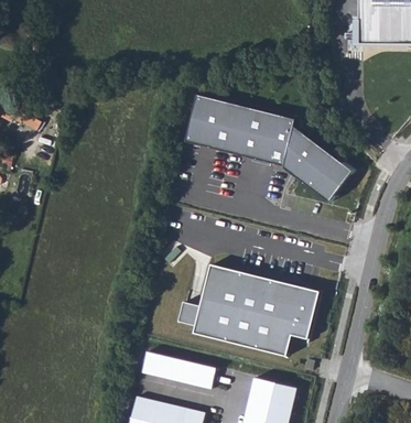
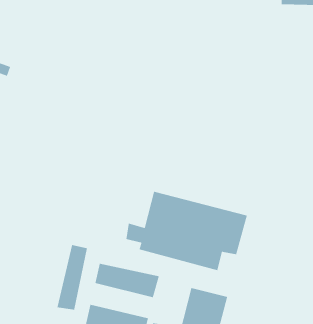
building: [185,90,351,202] -> none
building: none -> [57,244,88,311]

